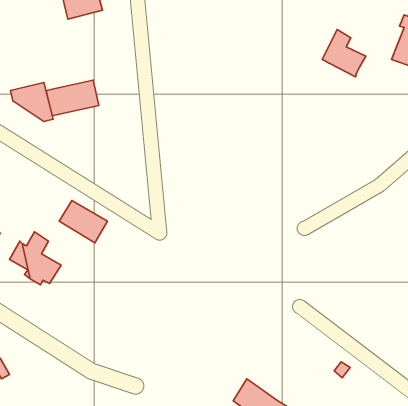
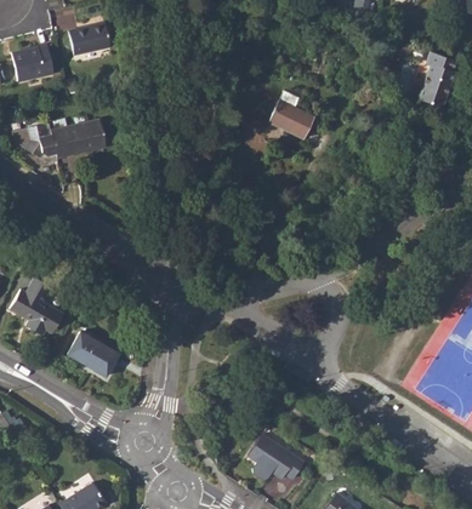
building: none -> [11,45,53,80]
building: [322,30,366,77] -> [269,90,315,139]
building: [59,200,107,243] -> [68,331,119,376]

